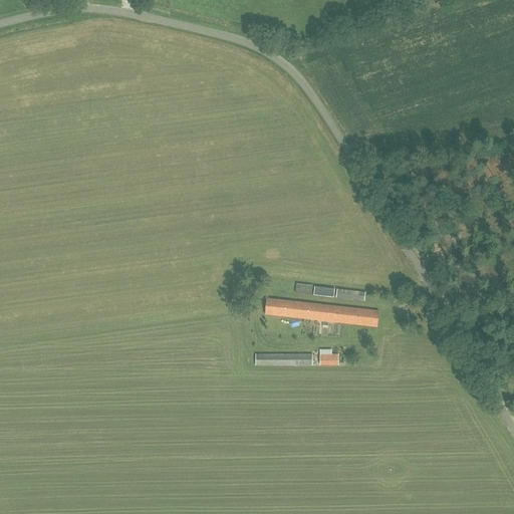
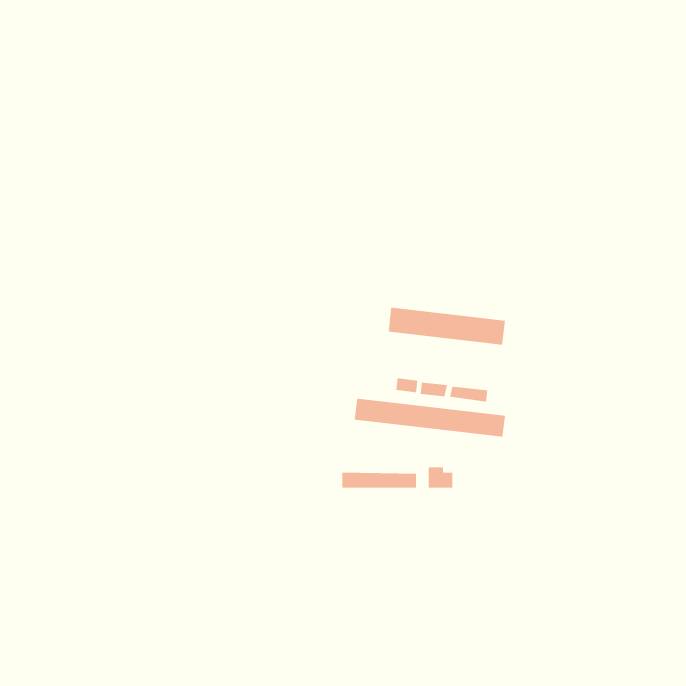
building: none -> [388,307,505,346]

